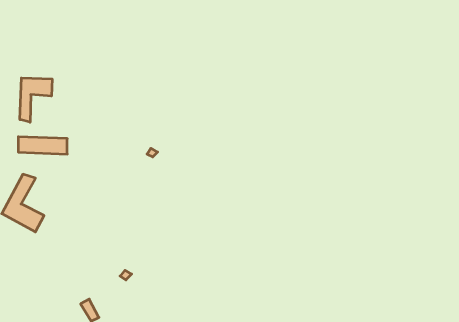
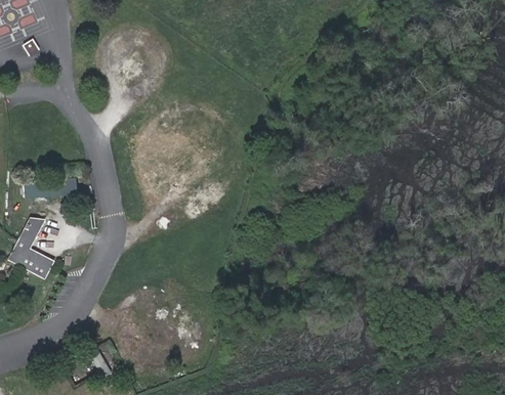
building: [20,78,52,122] -> none

